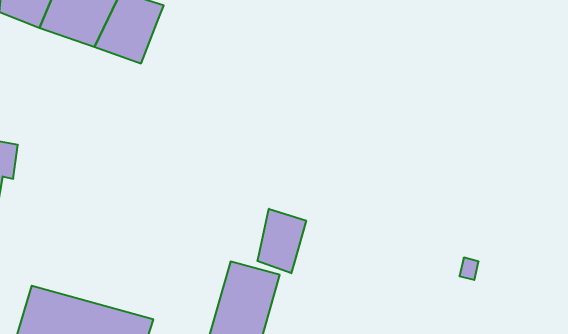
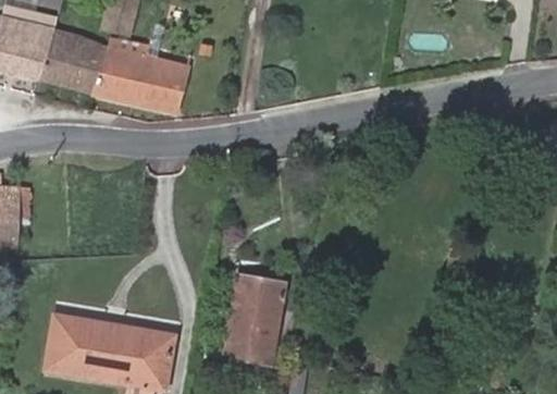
building: none -> [137,58,188,111]
building: [257,209,306,273] -> none

